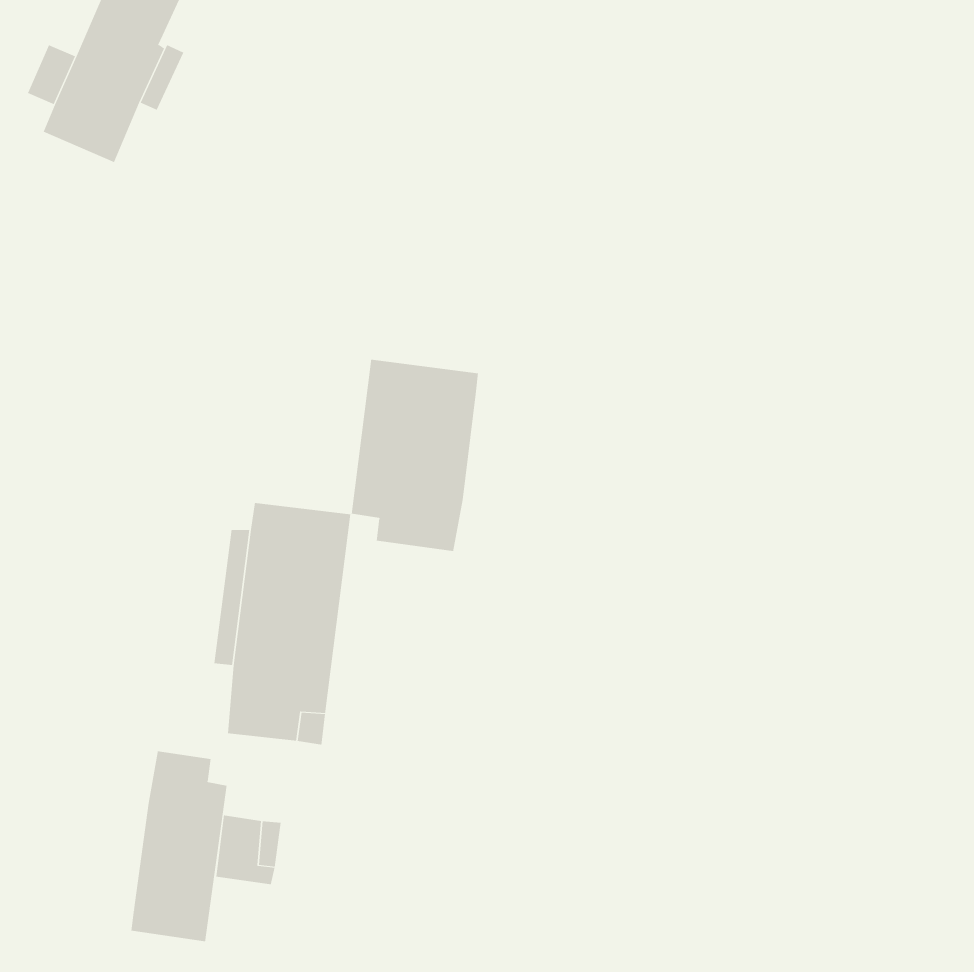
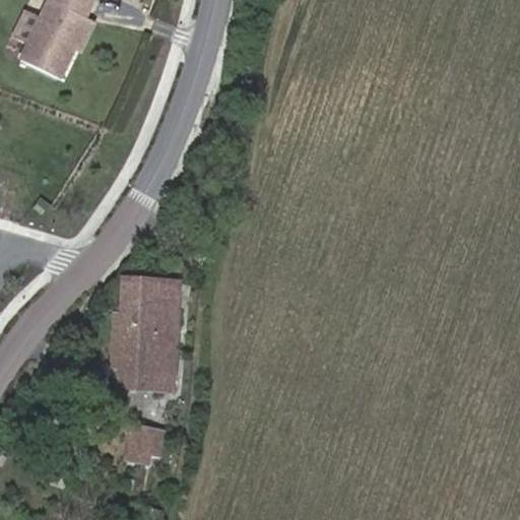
building: [351,359,478,552] -> none
building: [131,750,227,942] -> none

